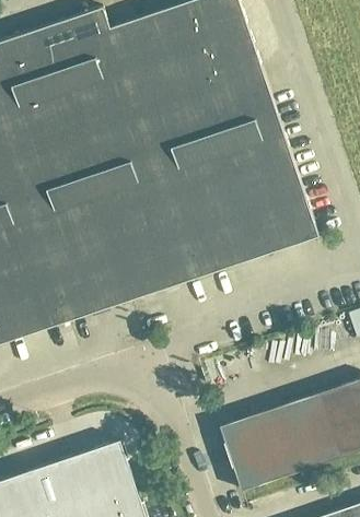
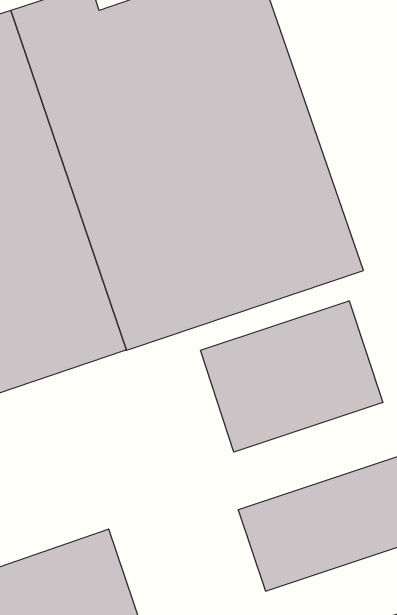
building: none -> [200,301,383,452]

